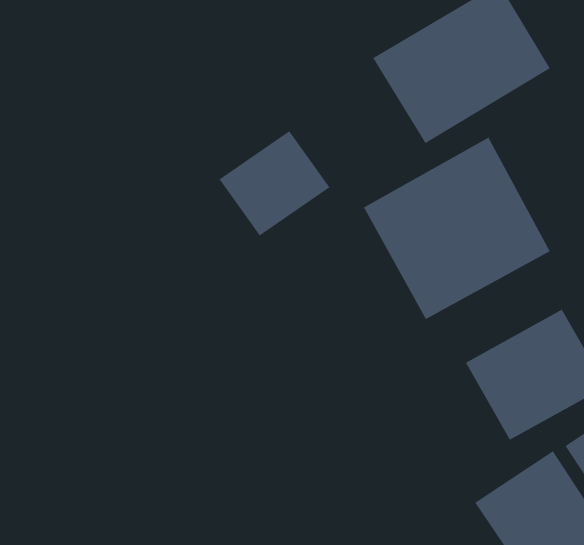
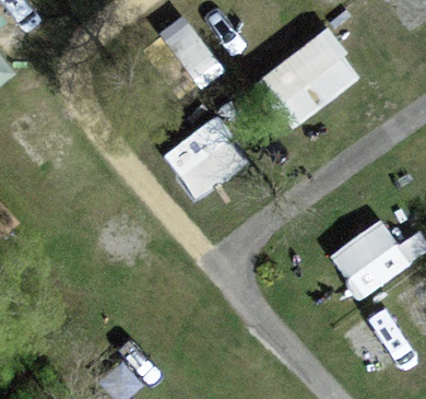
building: [363,137,551,320] -> none

